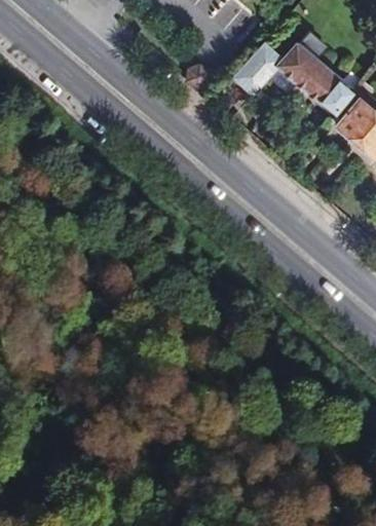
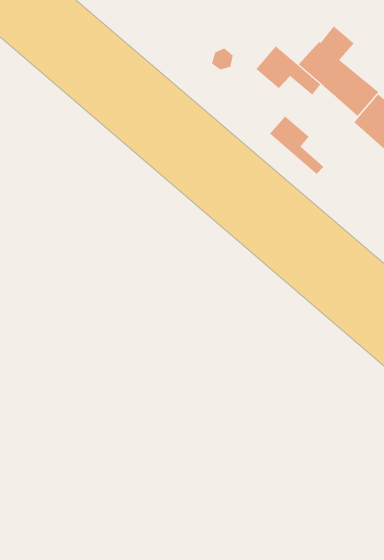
building: none -> [269,115,324,175]

